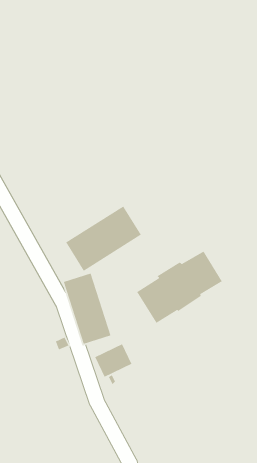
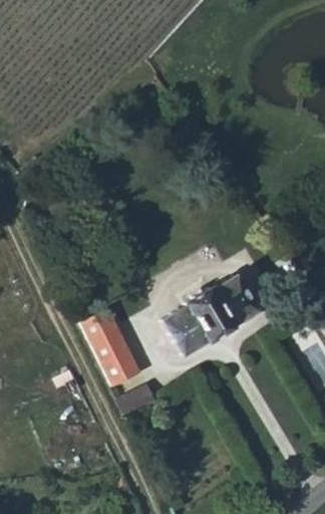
building: [65,206,142,272] -> none

